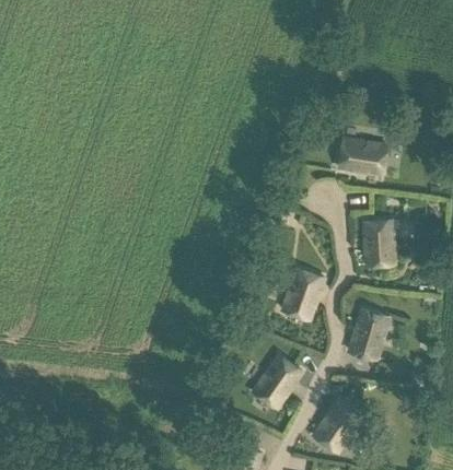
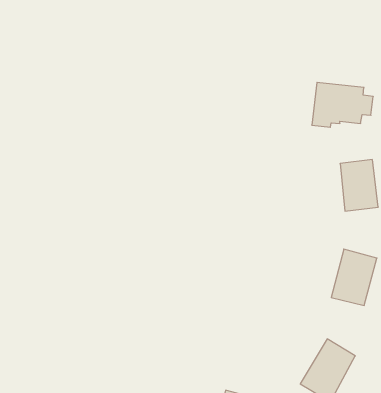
building: [281,266,328,322] -> none
building: [253,352,303,409] -> none

